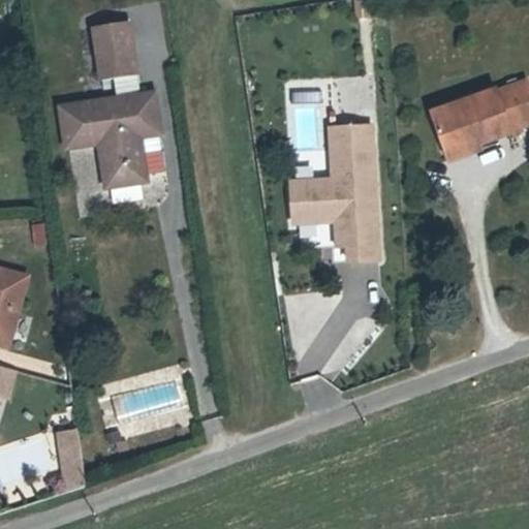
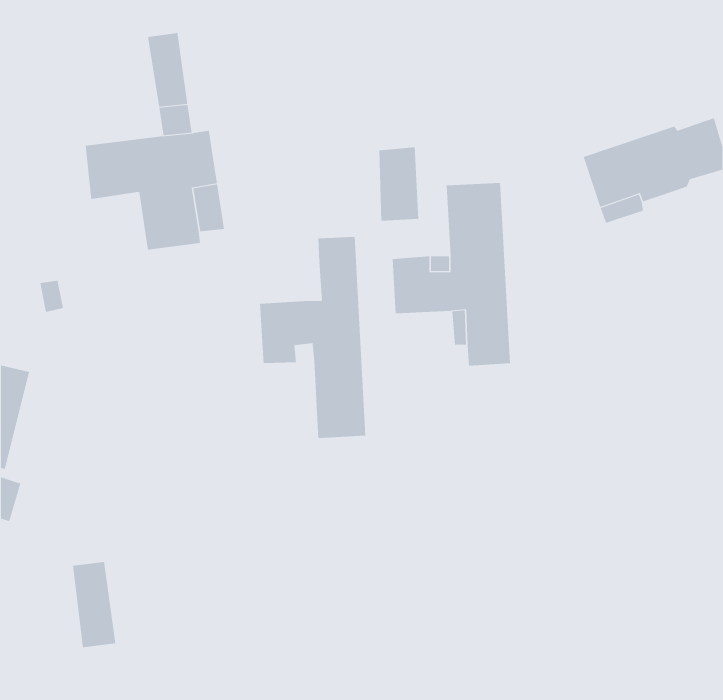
building: none -> [379,147,419,222]
building: none -> [260,236,366,439]

